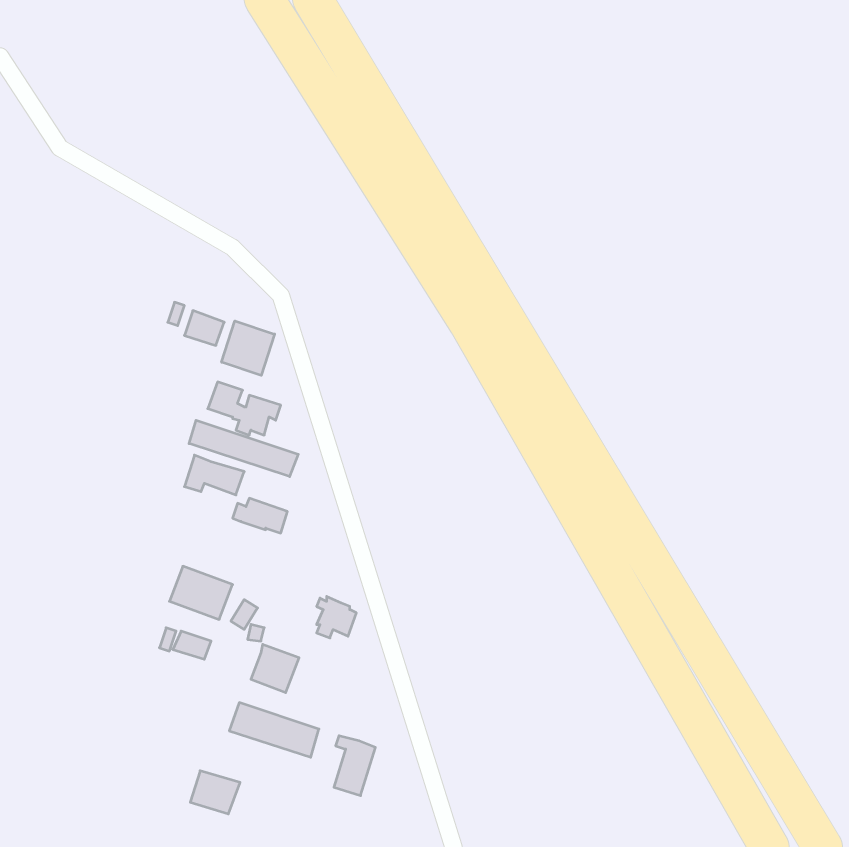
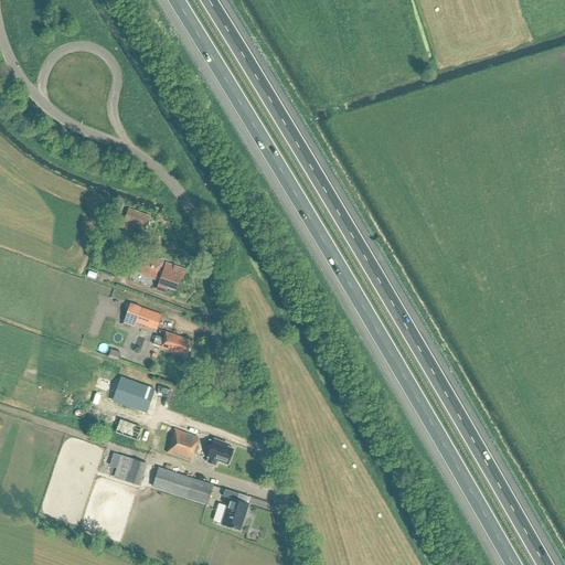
building: [222,321,275,375] -> none
building: [189,420,298,477] -> none
building: [317,596,356,638] -> [206,437,233,465]
building: [190,771,240,814] -> [114,455,147,483]

